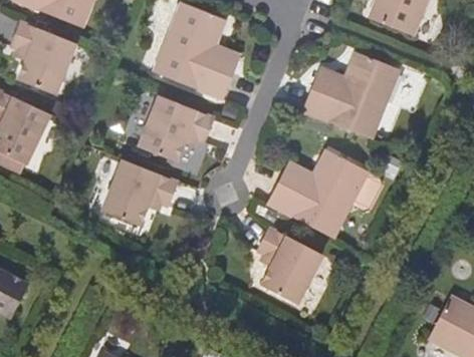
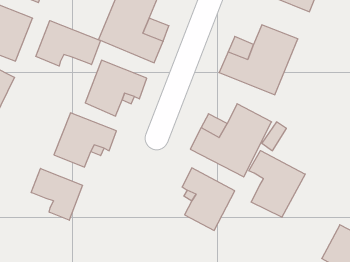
building: none -> [36,21,100,66]
building: none -> [249,151,305,217]
building: none -> [31,168,83,220]

